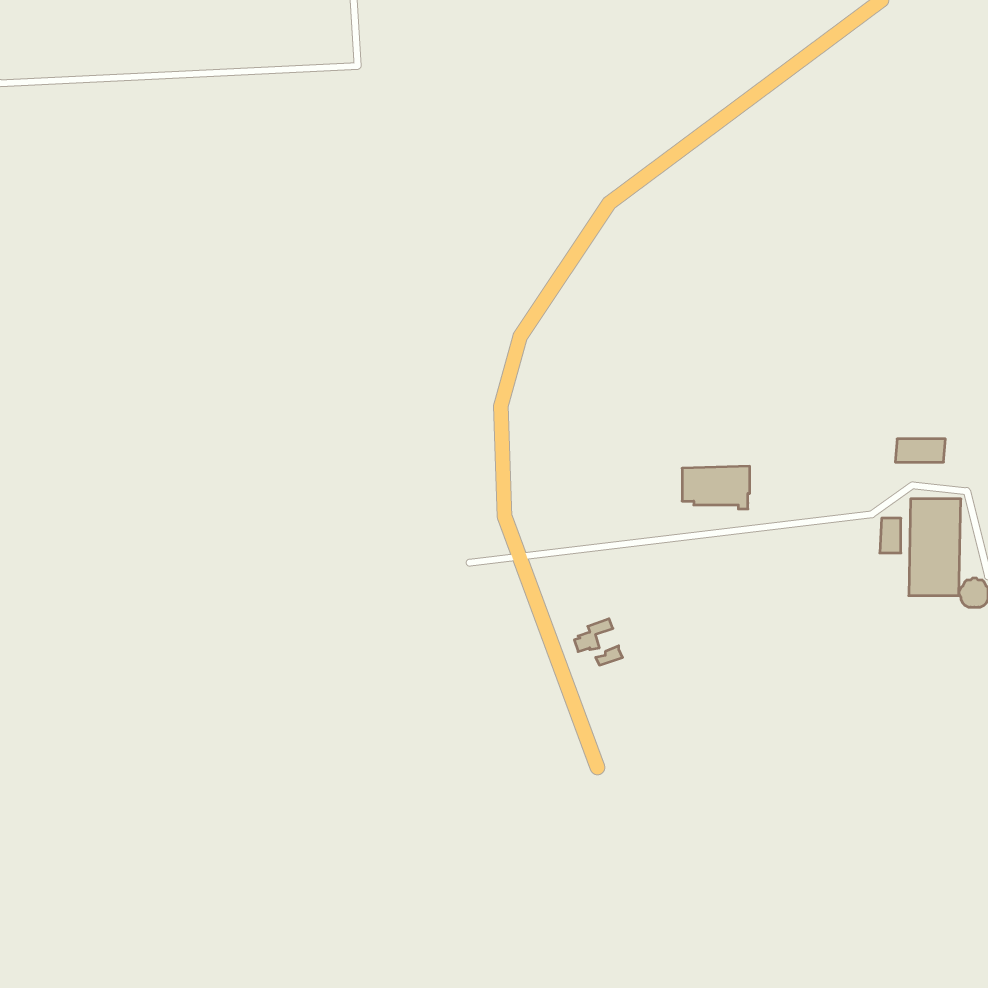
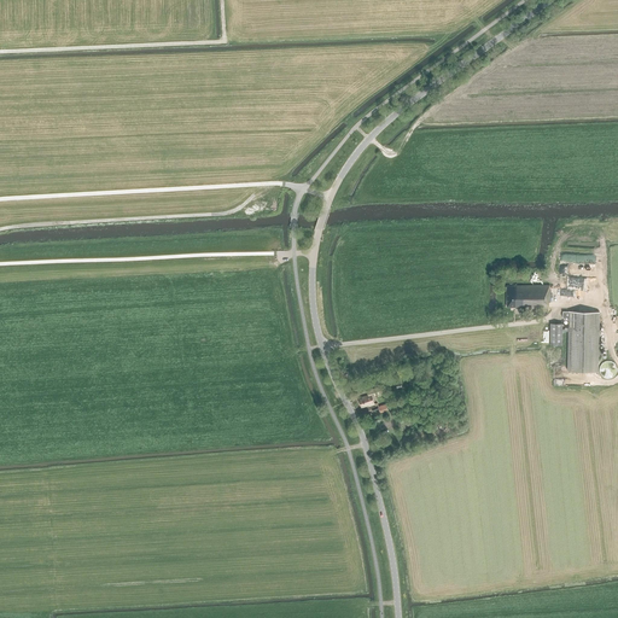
building: [682,466,750,509] -> [507,285,549,311]

